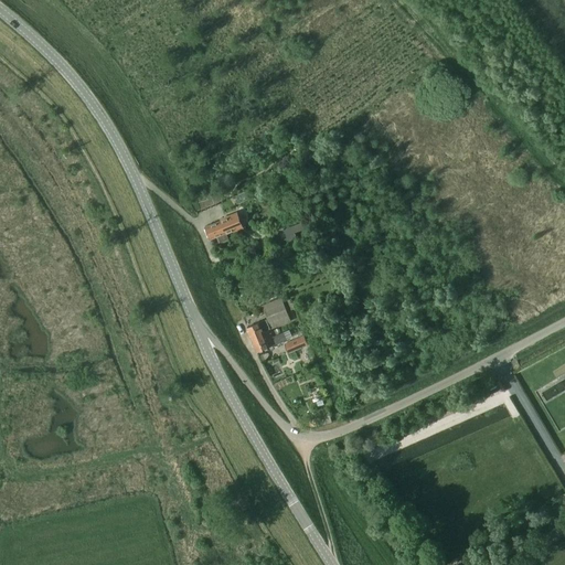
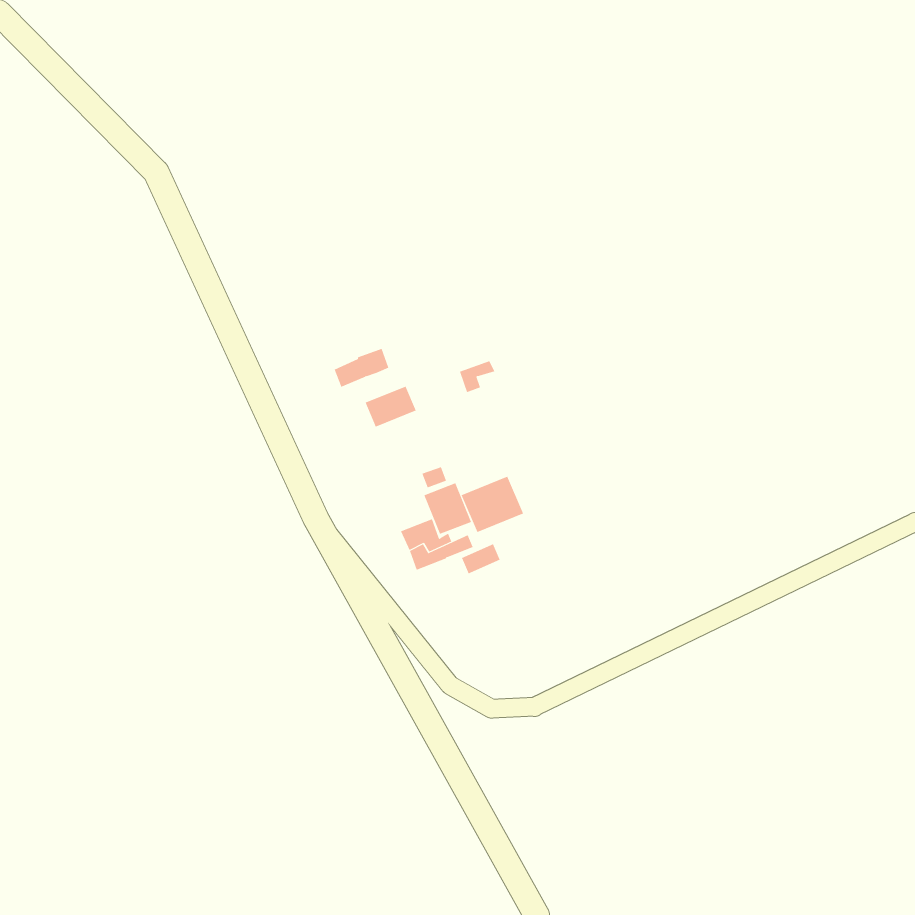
building: none -> [365,386,416,427]
building: none -> [461,476,524,533]

